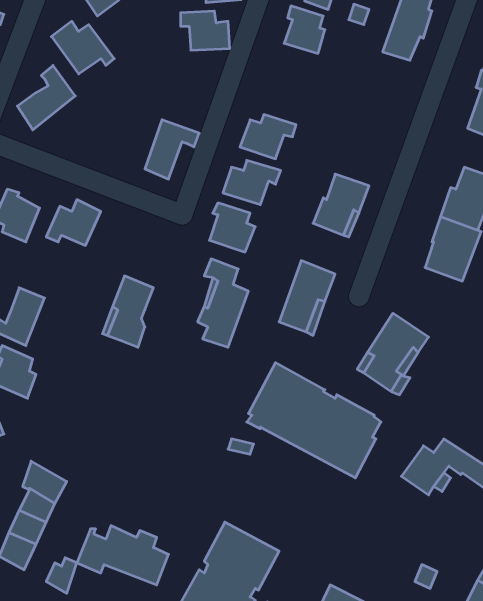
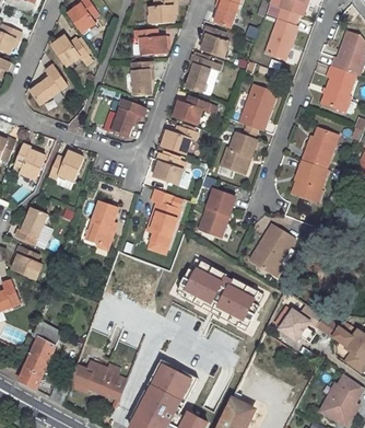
building: none -> [186,54,213,92]
building: none -> [132,60,154,95]
building: none -> [242,85,276,130]

